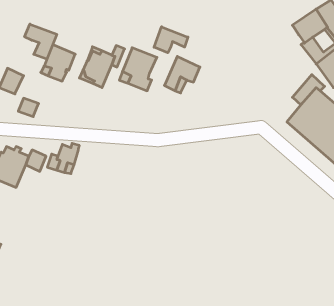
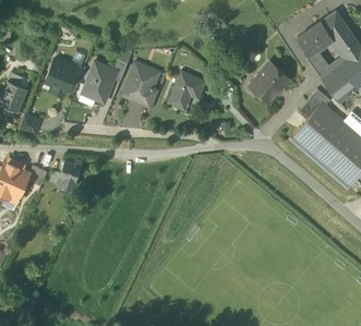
building: [25,24,57,59] -> none
building: [154,27,188,53] -> none
building: none -> [251,62,289,101]

